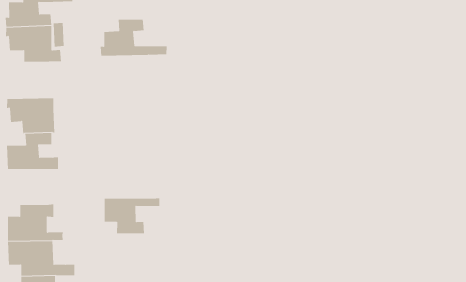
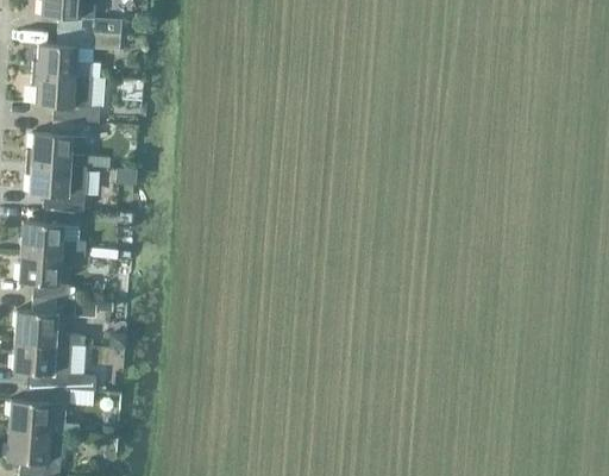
building: [100,19,168,56] -> [26,120,111,169]
building: [104,198,160,234] -> [18,252,90,300]

